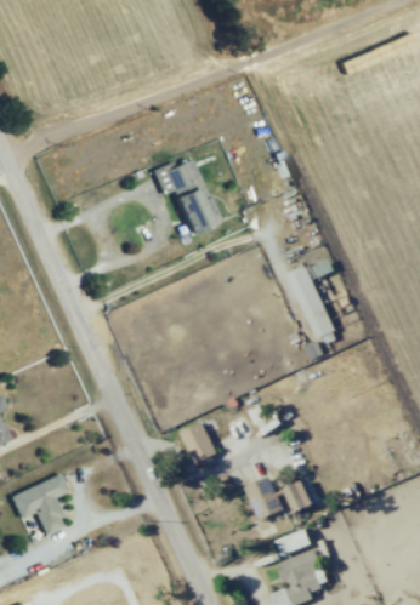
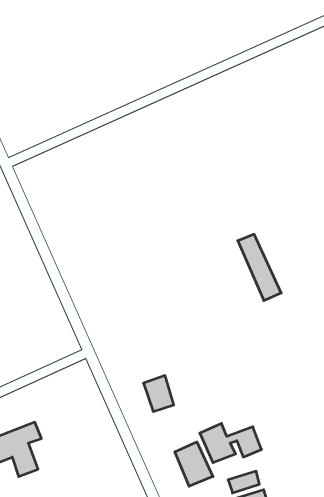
building: [152,159,221,235] -> none
building: none -> [175,442,213,486]

